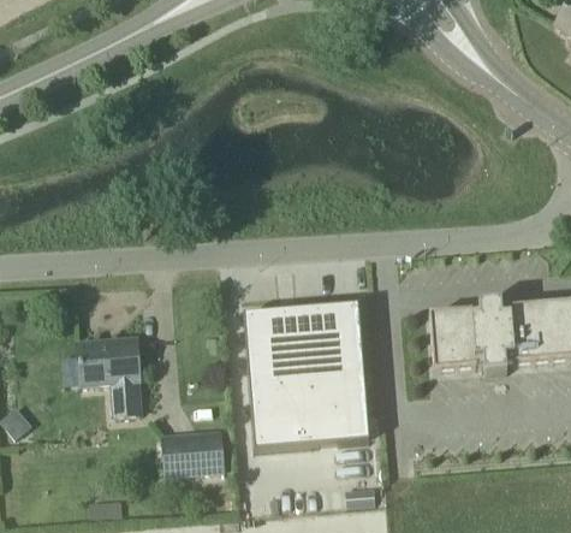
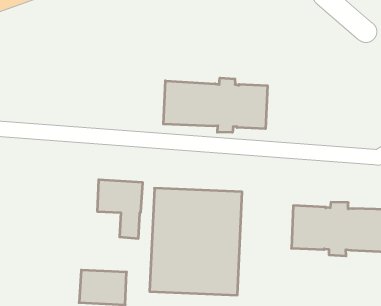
building: none -> [163,78,267,132]
building: [78,338,141,414] -> [97,180,143,238]

